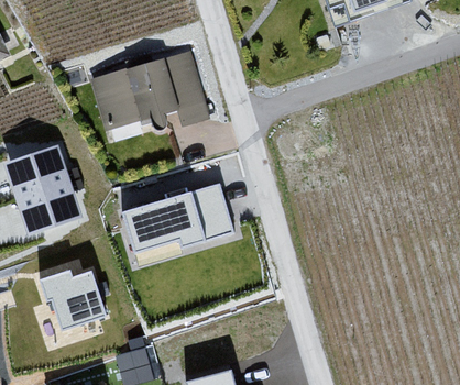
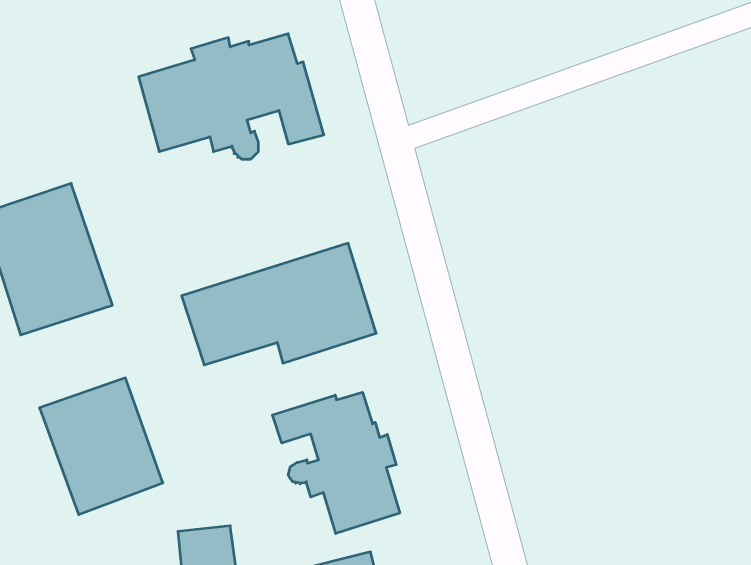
building: none -> [272,392,400,534]

